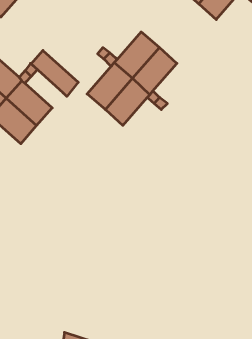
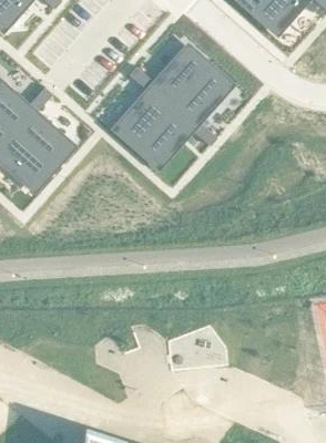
building: [31,50,78,96] -> none

